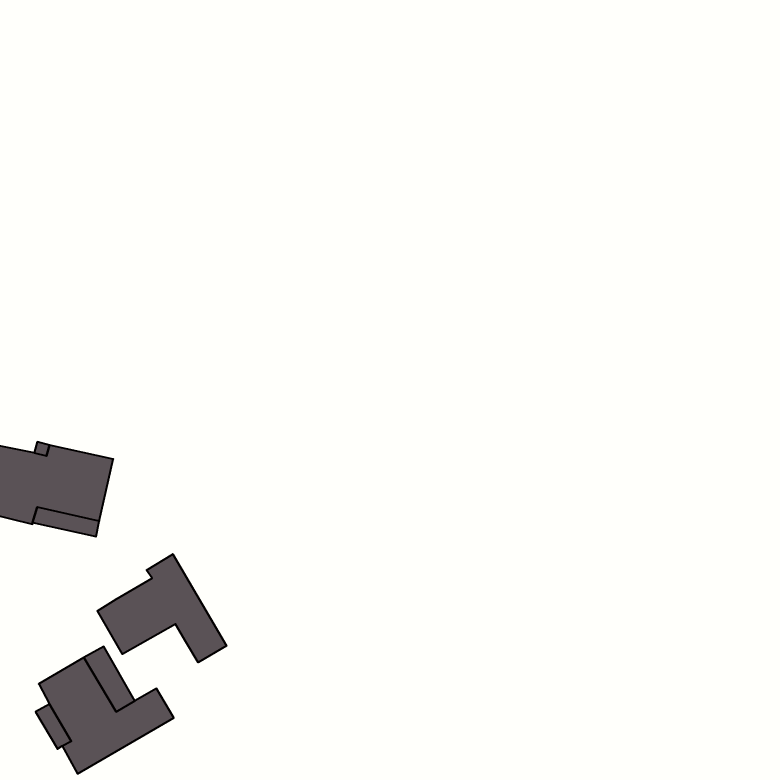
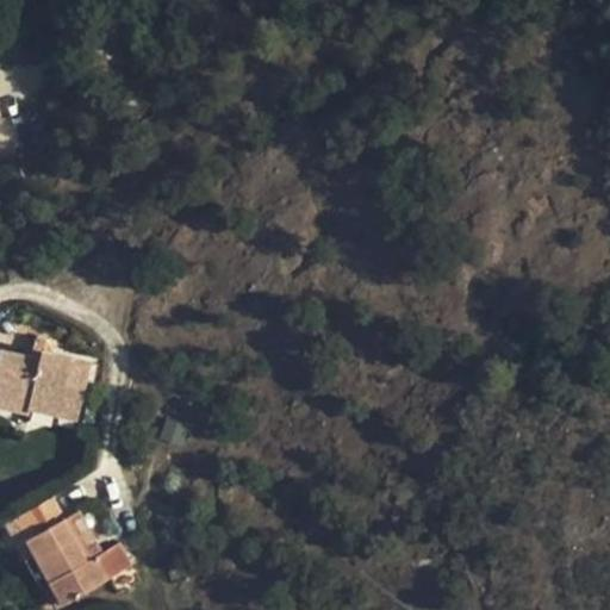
building: [97,554,226,662] -> none

